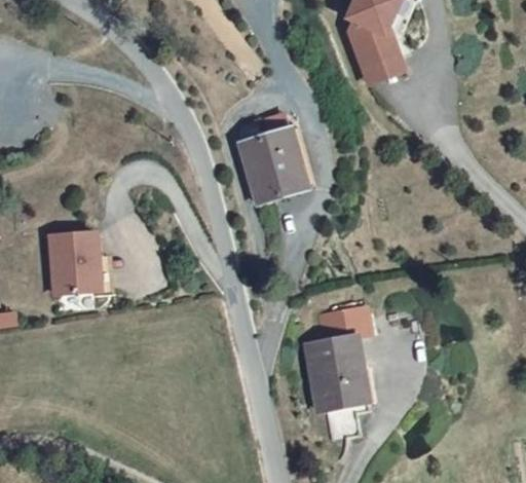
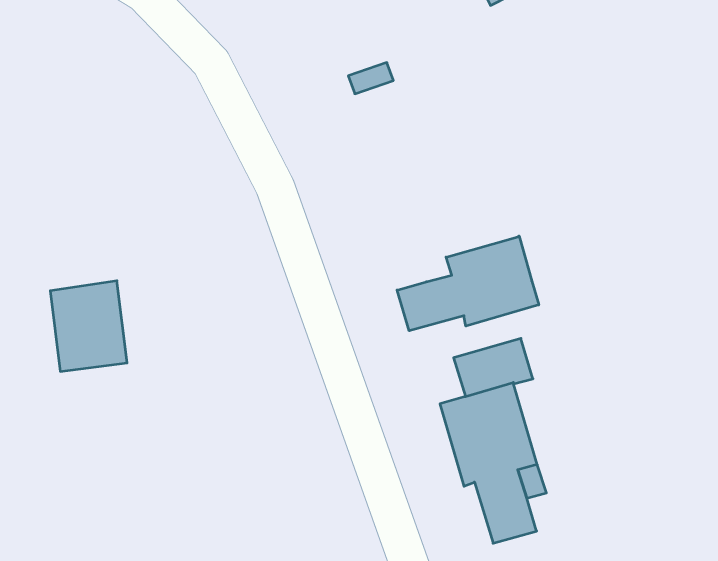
building: [233,113,307,203] -> none
building: none -> [397,236,539,331]

